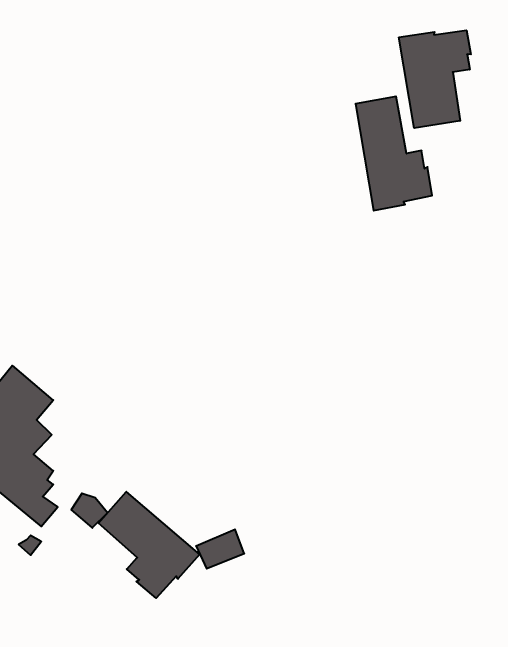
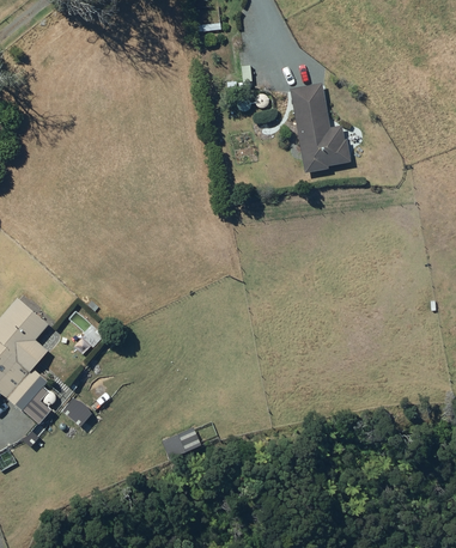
building: [399,30,471,128] -> none
building: [99,492,200,598] -> none

